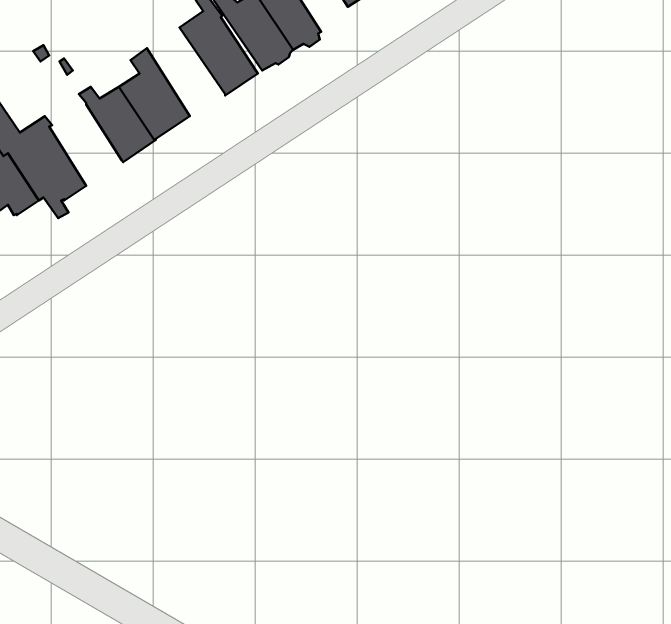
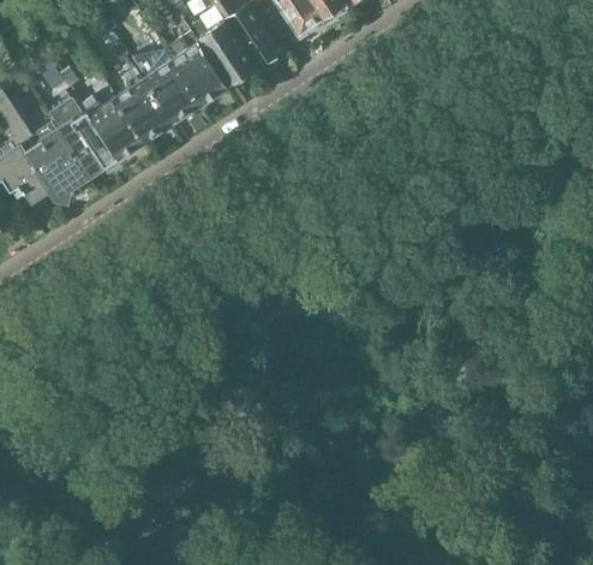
building: none -> [132,49,202,121]
building: none -> [52,97,118,178]

